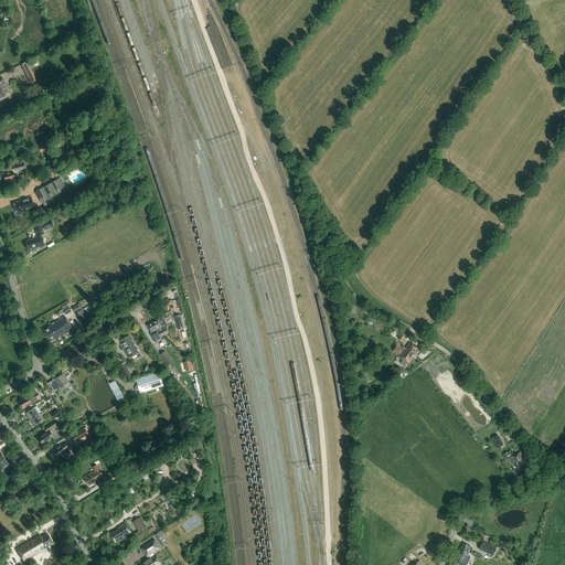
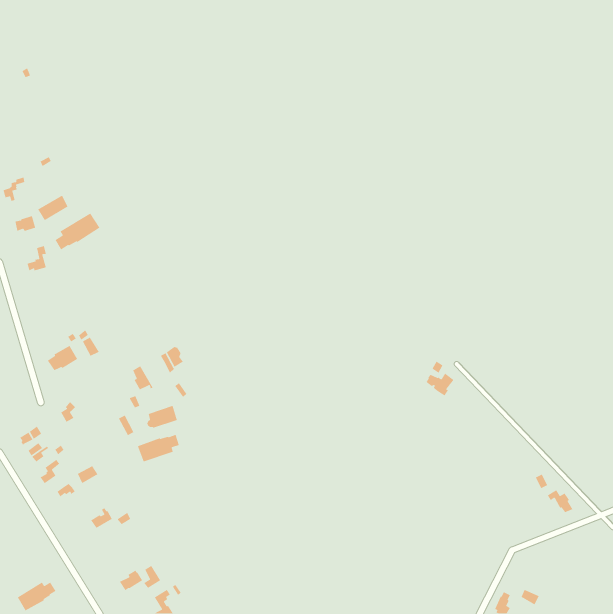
building: none -> [54,212,100,250]
building: none -> [137,434,180,463]

